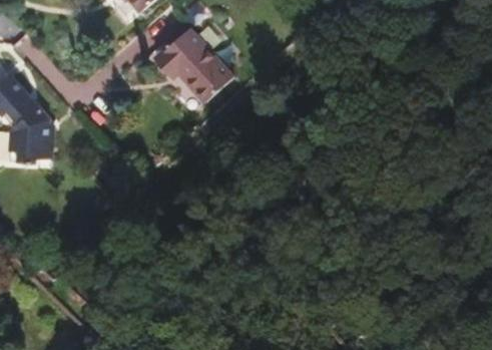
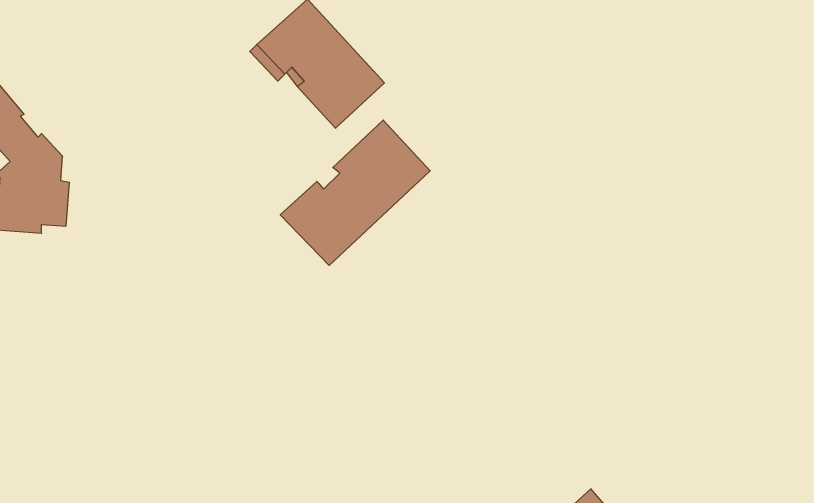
building: none -> [280,120,430,265]

